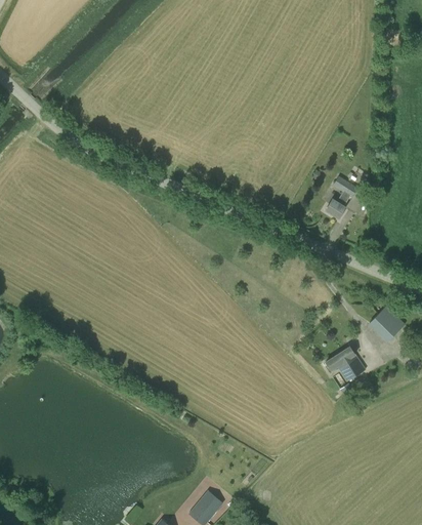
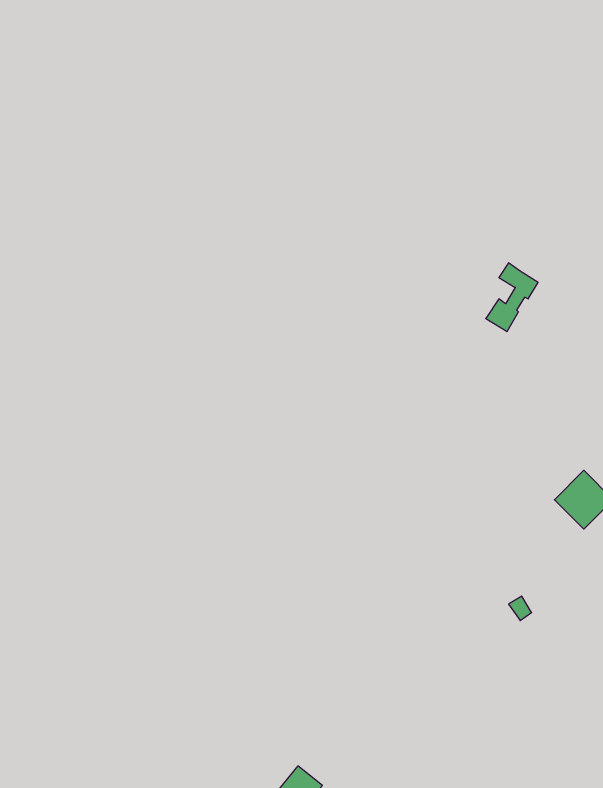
building: [325,347,364,381] -> none

